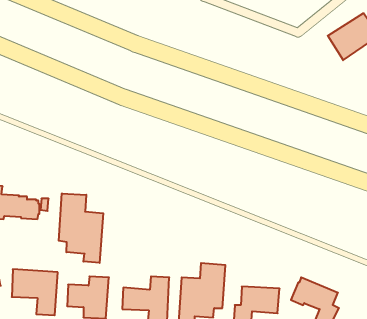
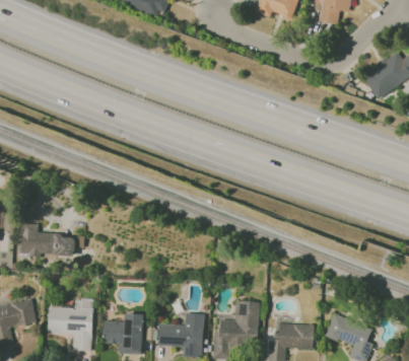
building: [59,193,103,263] -> none

